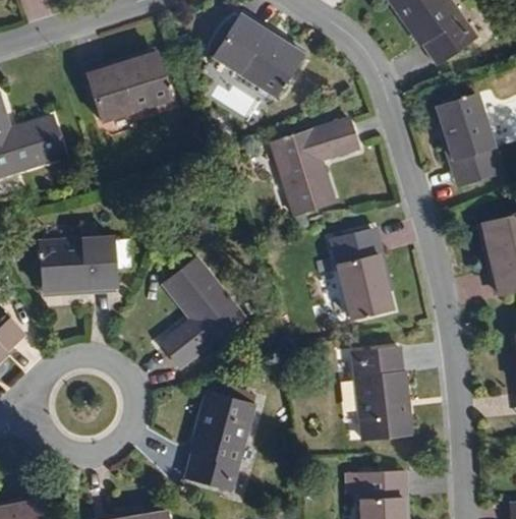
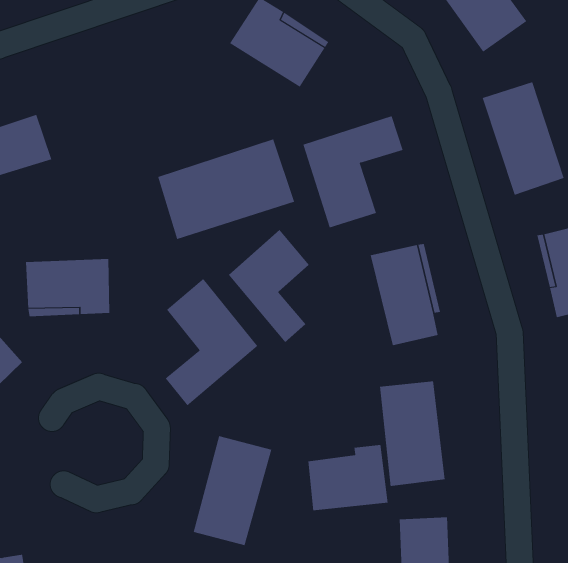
building: [72,49,171,122] -> none
building: none -> [157,138,295,240]
building: none -> [228,229,310,343]
building: none -> [308,444,388,511]

